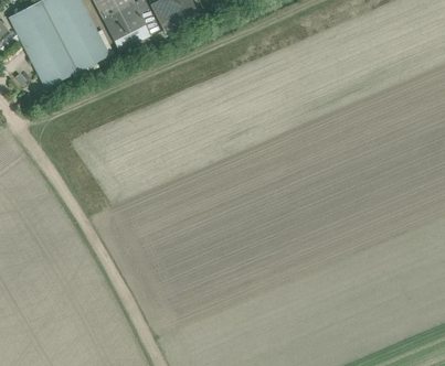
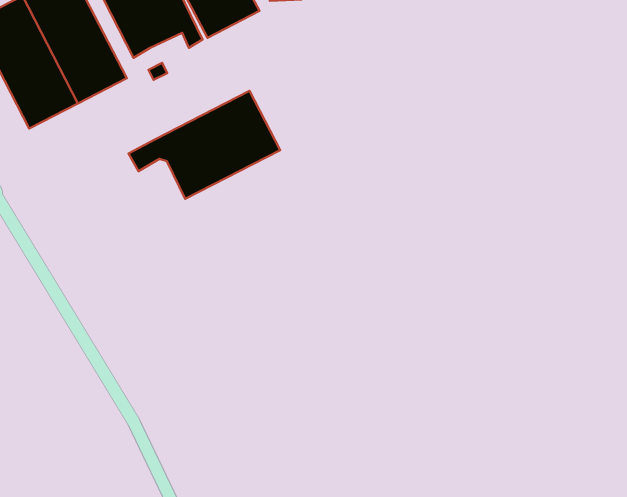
building: none -> [128,91,280,199]

